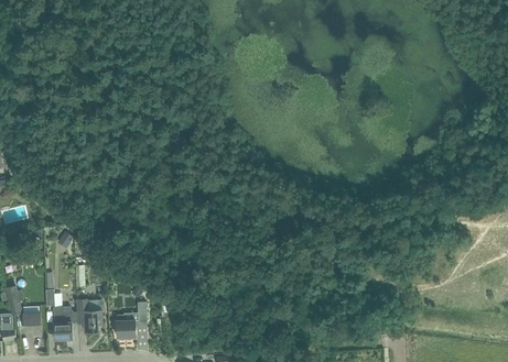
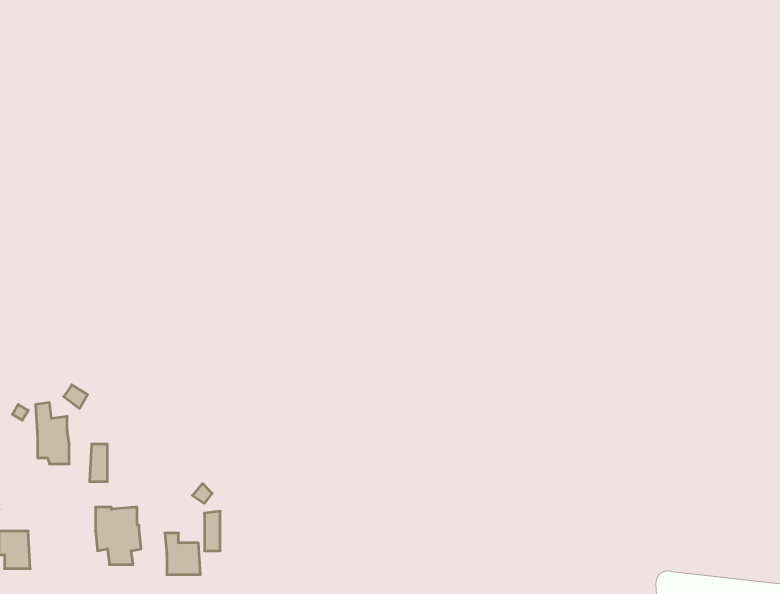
building: [53,306,72,340] -> [36,403,69,464]

